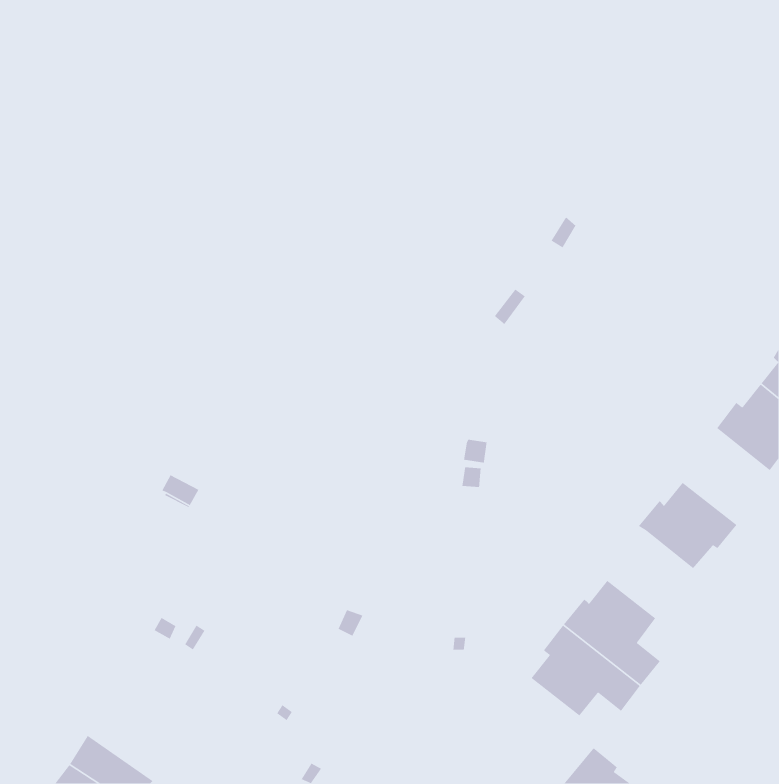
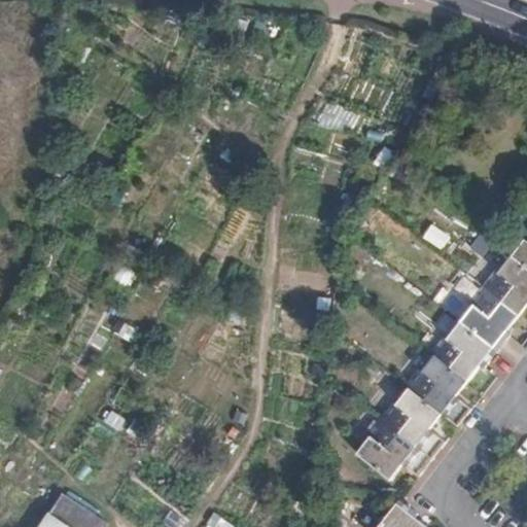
building: none -> [458,287,517,352]
building: none -> [403,356,469,427]

